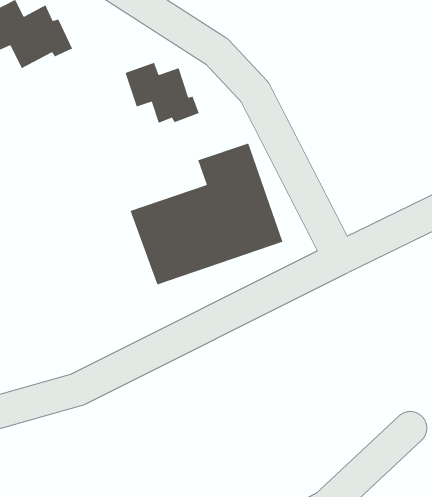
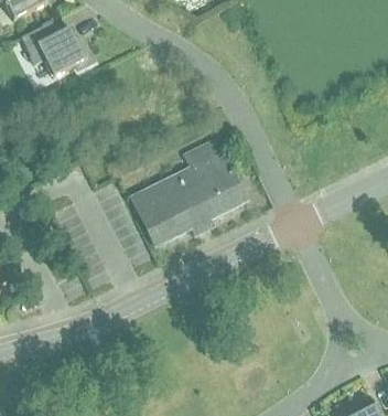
building: [125,62,200,124] -> none

